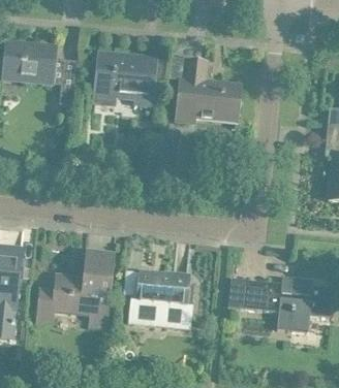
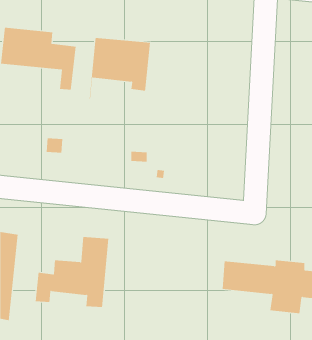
building: [176,59,240,127] -> none
building: [127,269,192,327] -> none

